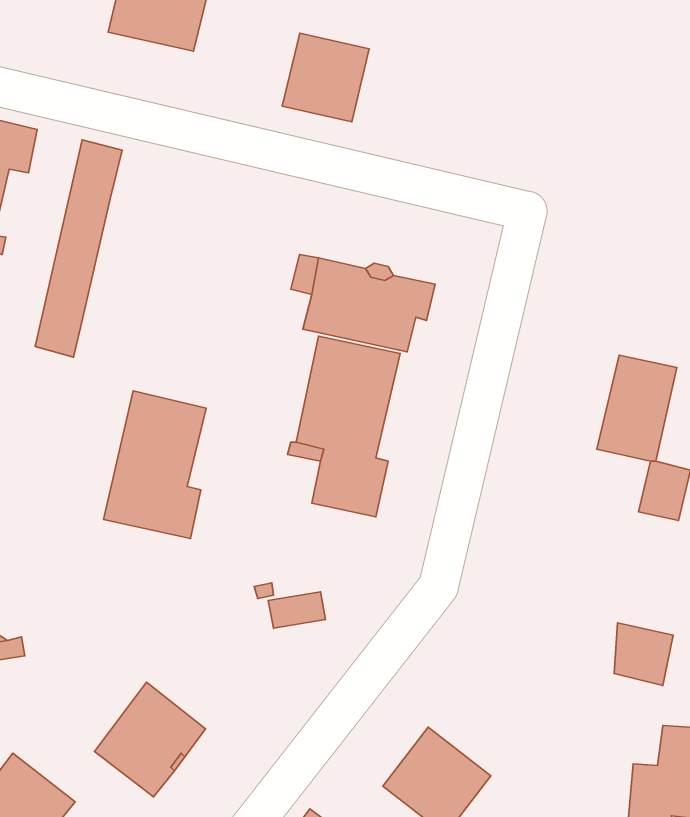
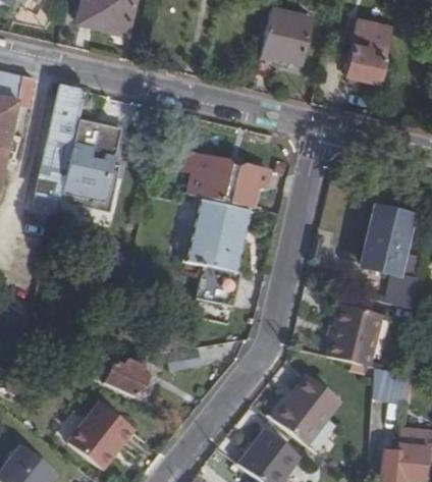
building: none -> [346,17,393,79]
building: [282,33,369,122] -> [262,7,313,59]
building: [104,391,206,539] -> [61,118,121,205]
building: none -> [329,304,383,366]
building: none -> [106,360,153,396]
building: none -> [274,374,341,444]

